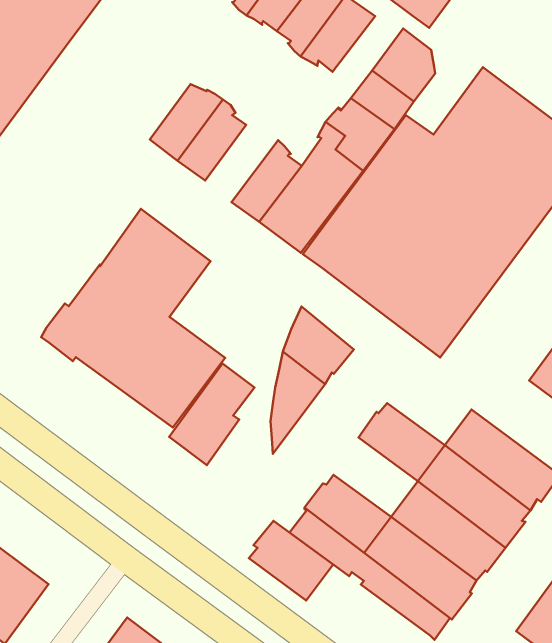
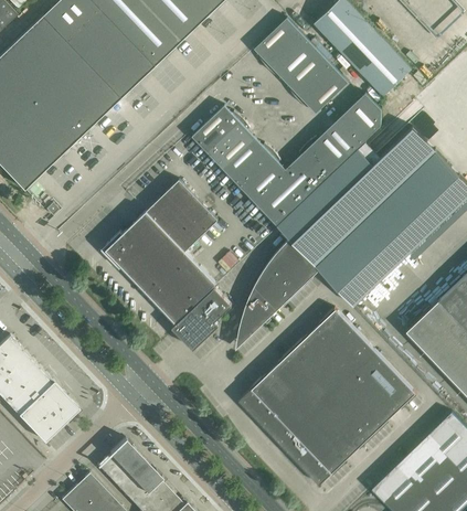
building: none -> [223,138,274,185]
building: none -> [270,237,319,292]
building: none -> [315,308,368,363]
building: [249,521,333,600] -> [273,349,326,403]

